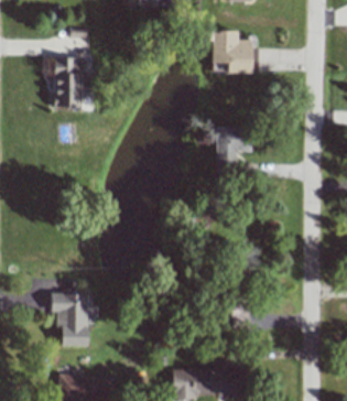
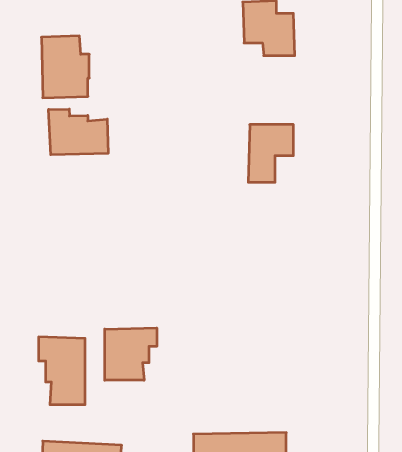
building: none -> [49,109,108,155]
building: none -> [105,328,157,380]

